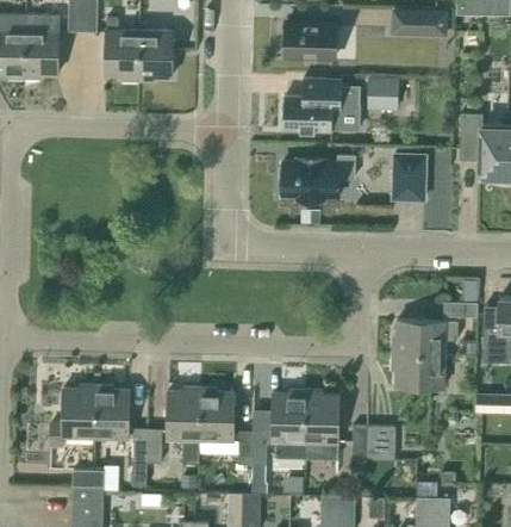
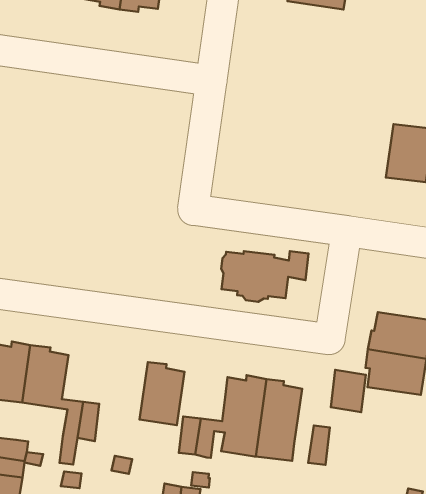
building: [368,76,399,110] -> none
building: [283,79,361,131] -> none
building: [280,155,355,203] -> [221,251,309,302]
building: [167,386,201,463] -> none
building: [368,426,395,460] -> [331,370,366,412]

